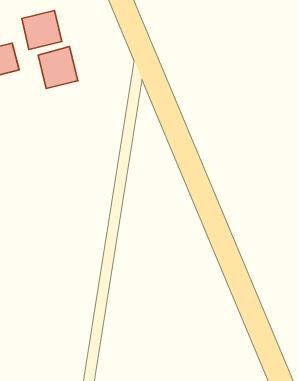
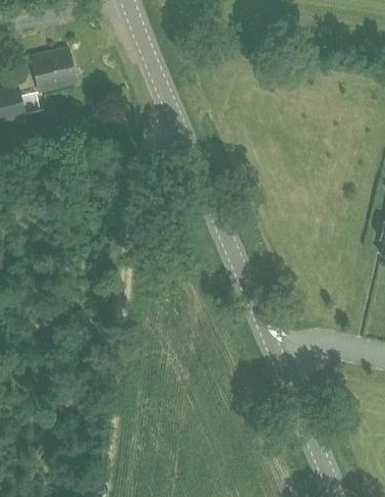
building: [38,46,78,89] -> none

